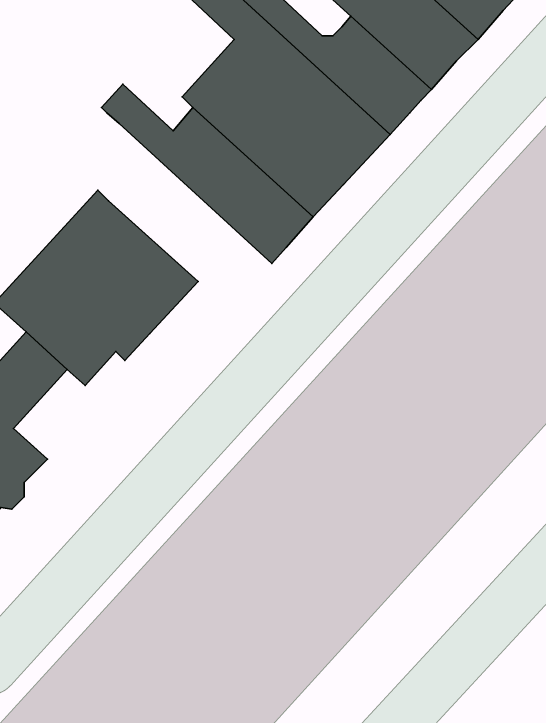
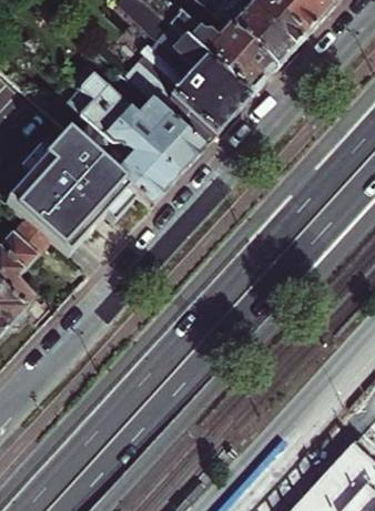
building: none -> [68,89,176,204]

